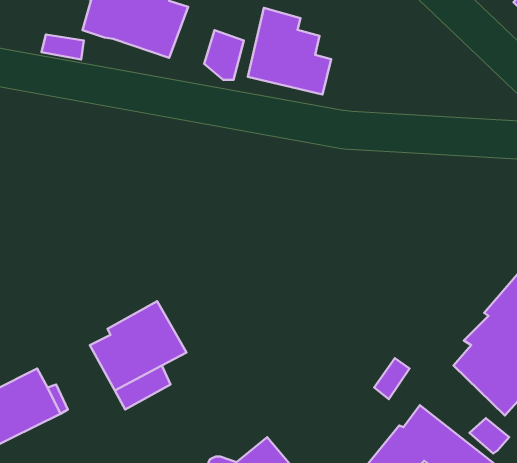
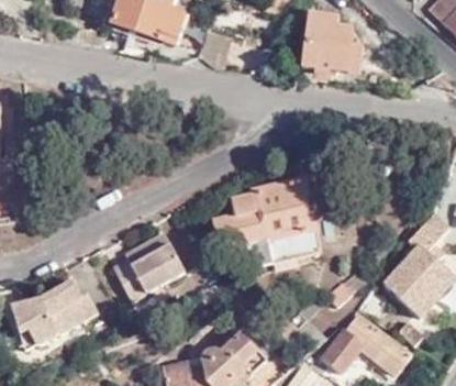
building: [248,8,331,94] -> [296,16,358,81]
building: none -> [213,178,319,262]

